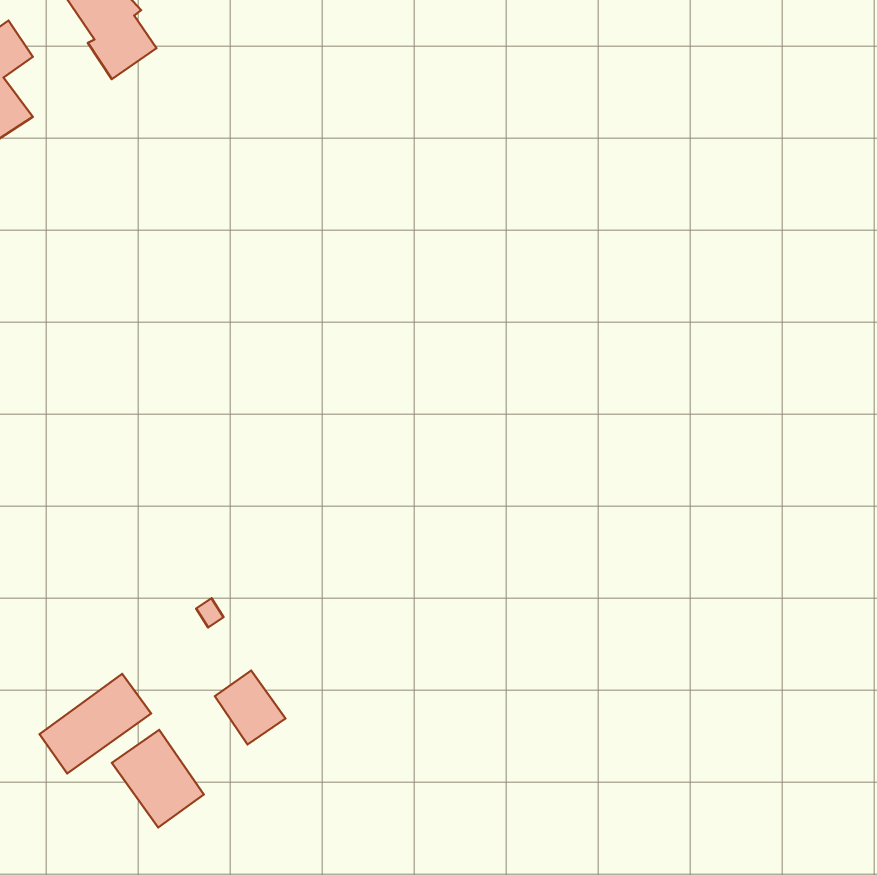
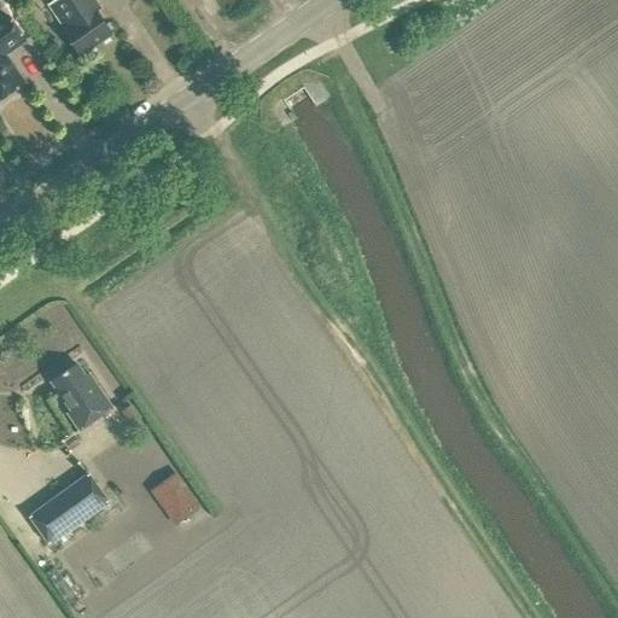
building: none -> [49,363,111,430]
building: [112,730,204,828] -> none

